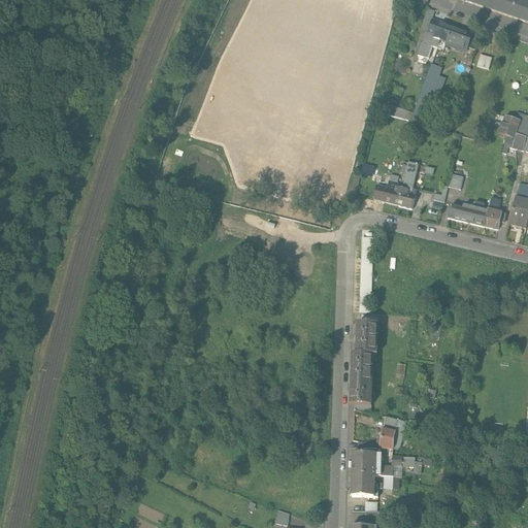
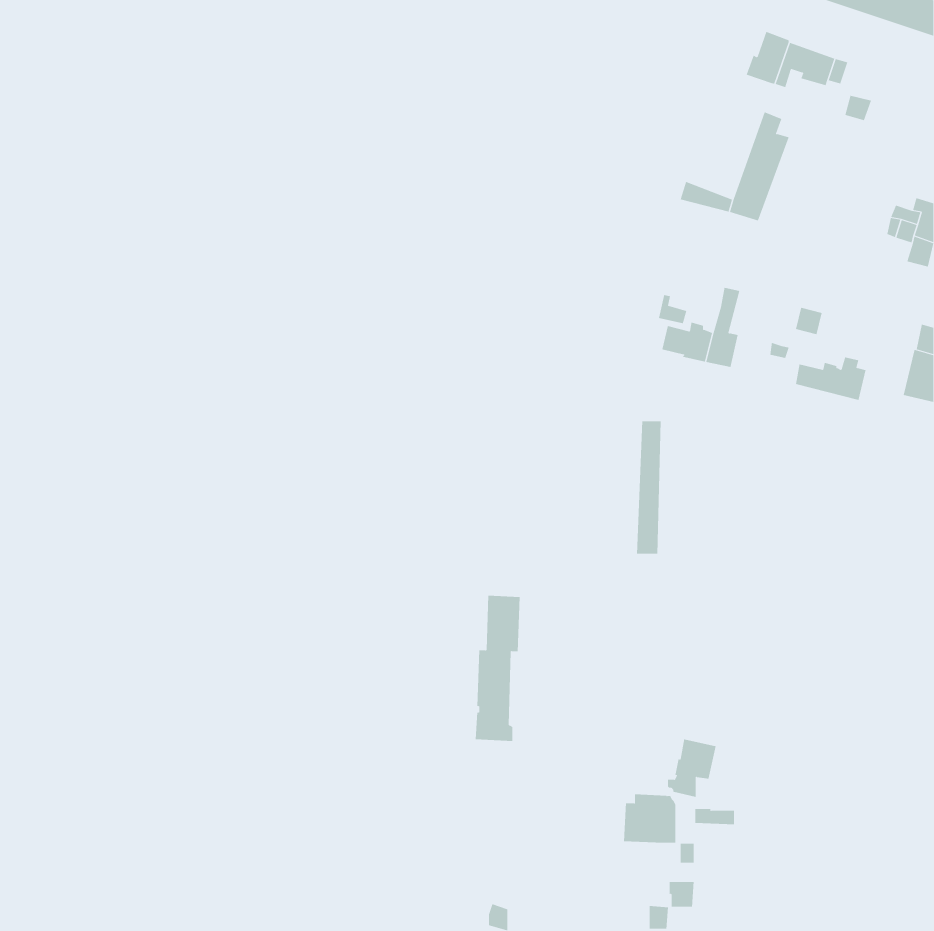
building: [485,198,506,229] -> none
building: [350,322,375,404] -> [475,595,520,741]
building: [352,474,377,497] -> none

